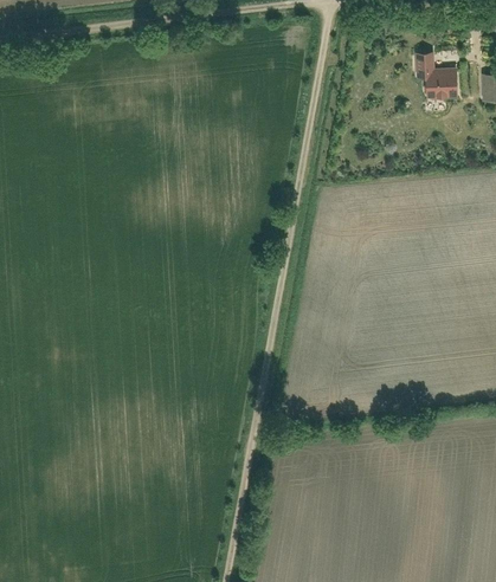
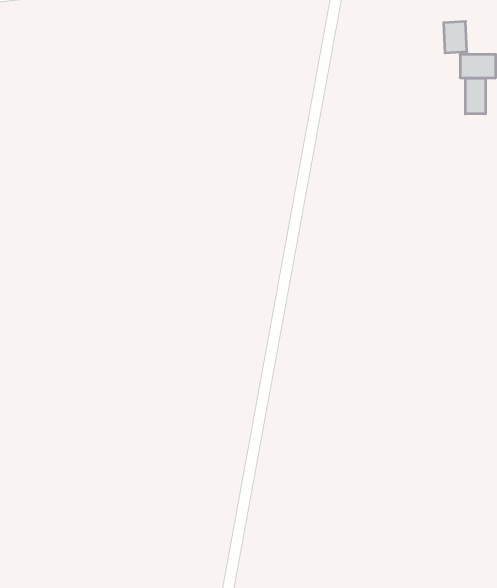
building: none -> [465,78,485,114]

